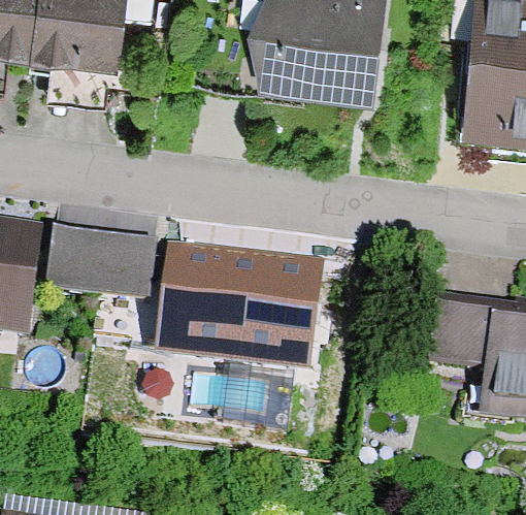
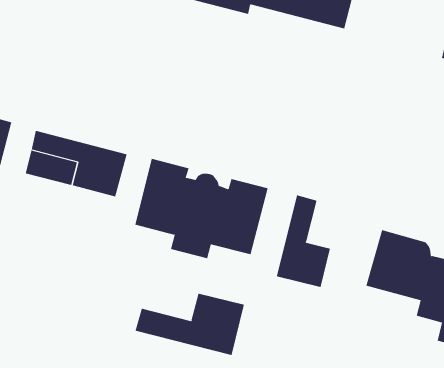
building: none -> [276,194,331,288]
building: none -> [135,293,245,356]

